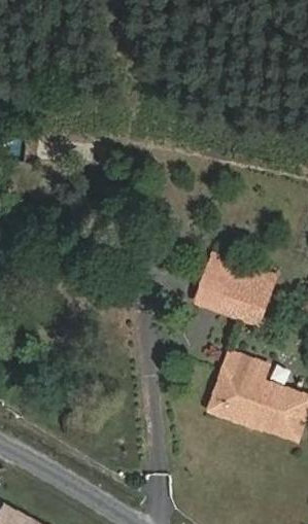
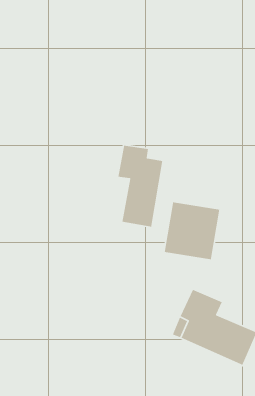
building: none -> [118,145,163,228]

